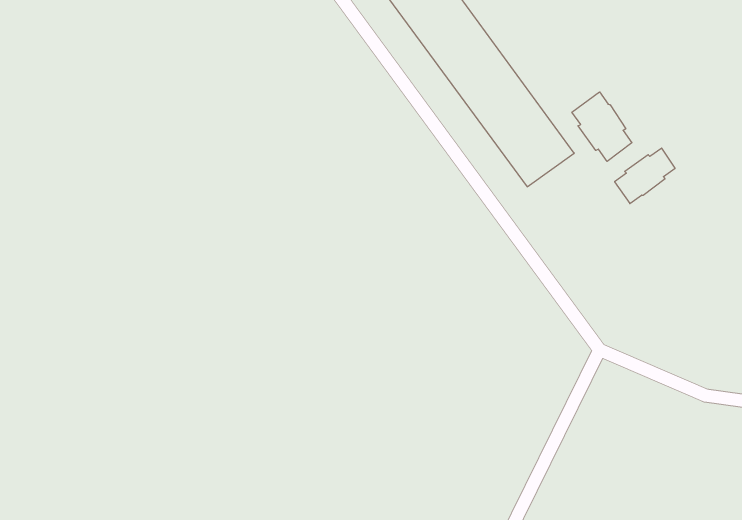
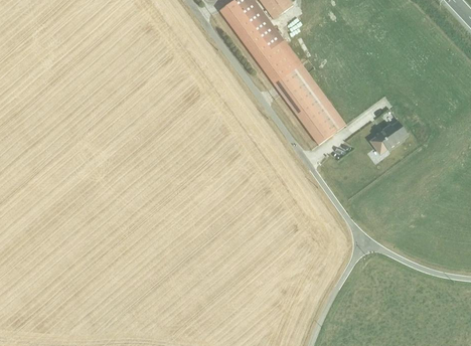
building: [572,92,632,161] -> none

